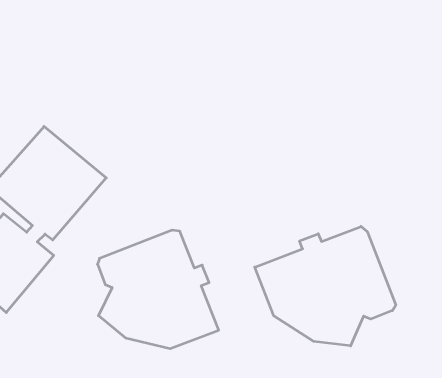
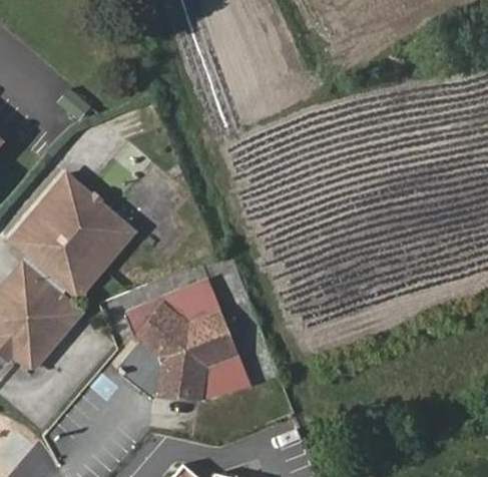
building: [255,226,396,346] -> none

